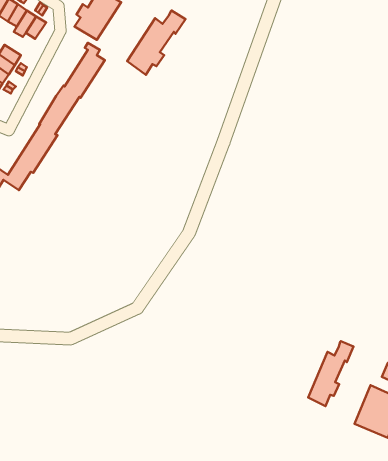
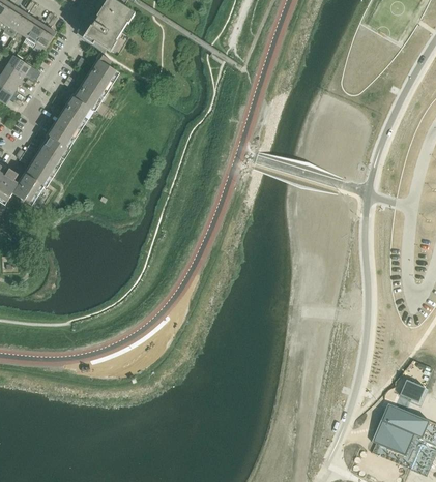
building: [127,11,185,75] -> none
building: [308,341,354,406] -> none

